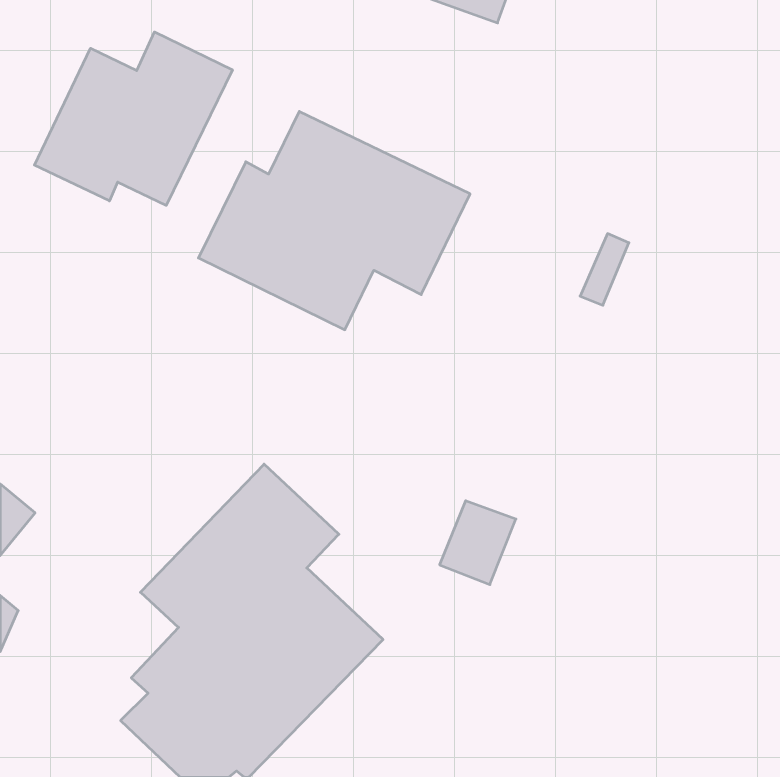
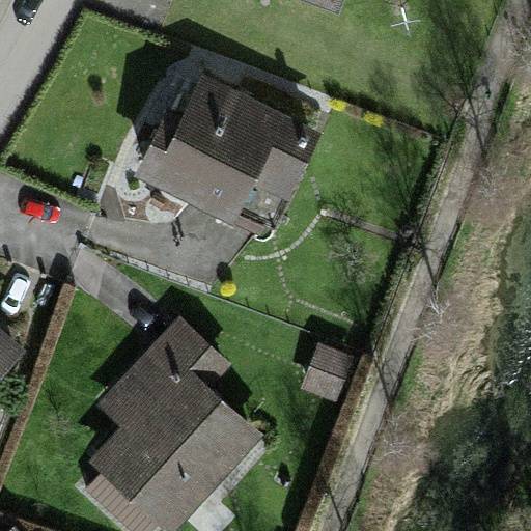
building: [34,32,232,205] -> none

